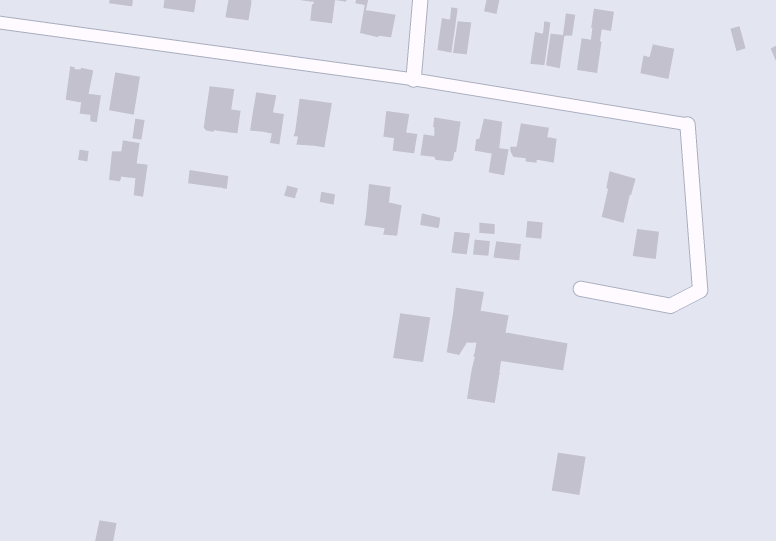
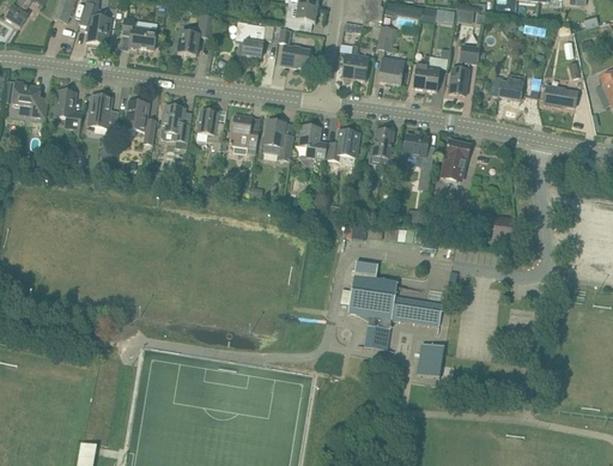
building: none -> [378,56,405,85]
building: none -> [12,79,48,116]
building: none -> [544,84,577,107]
building: [108,140,148,197] -> [125,99,156,144]
building: [601,171,637,223] -> [443,139,471,180]
building: [364,184,402,236] -> [263,119,293,159]
building: [392,313,431,363] -> none
building: [551,452,586,495] -> [417,343,444,376]

